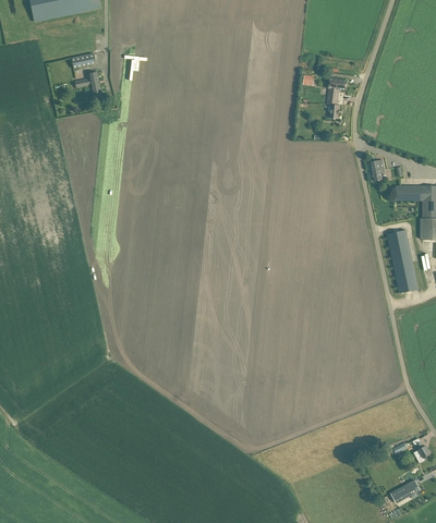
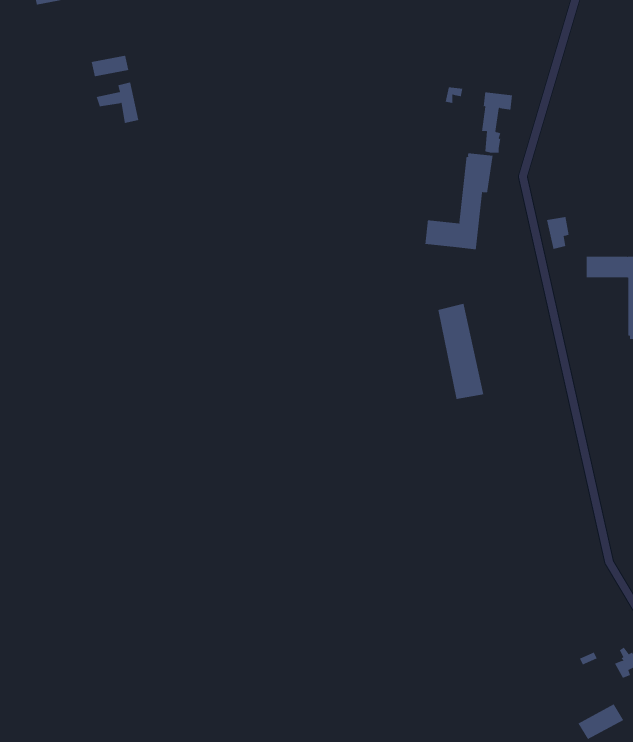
building: none -> [425,152,493,250]
building: [387,229,417,292] -> [438,303,484,400]

